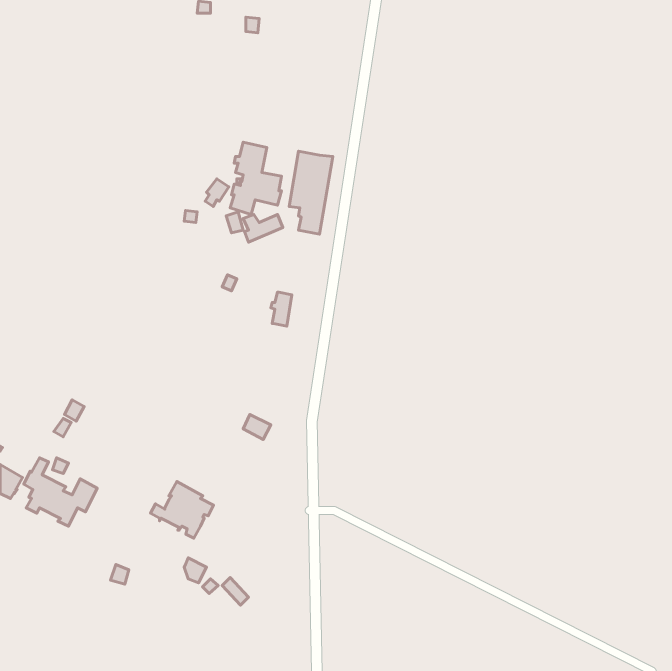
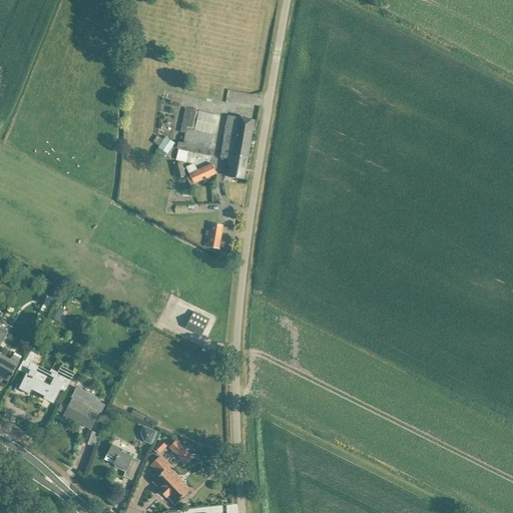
building: [150,481,213,538] -> [57,385,105,428]
building: none -> [105,444,140,479]
building: none -> [150,455,189,503]

